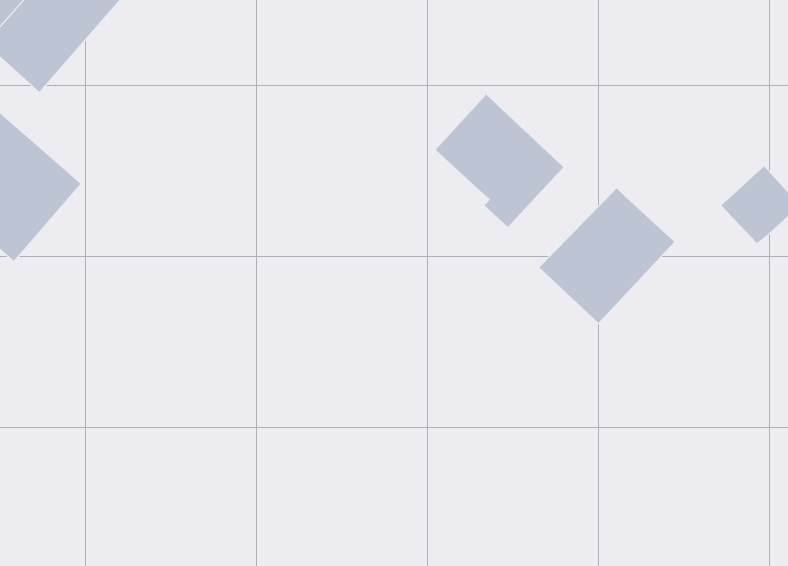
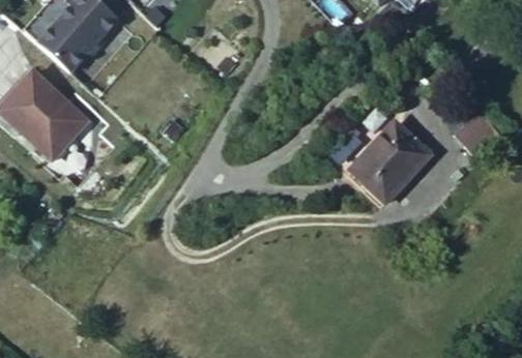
building: [435,94,564,228] -> none

